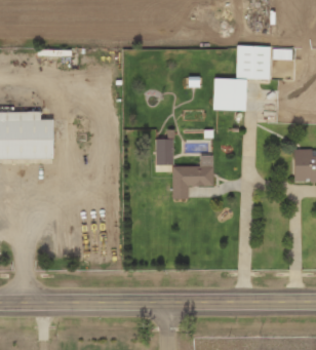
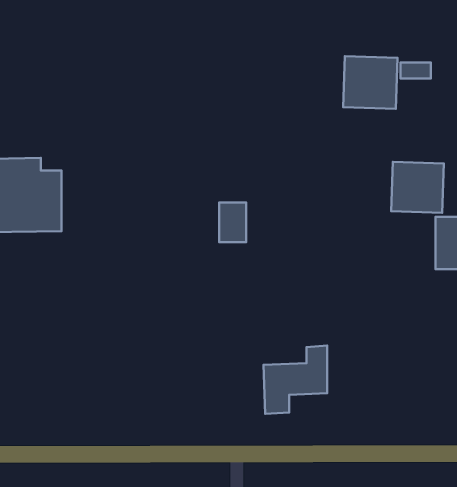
building: [212,78,246,111] -> [391,162,444,213]
building: [171,155,212,199] -> [264,346,327,414]

